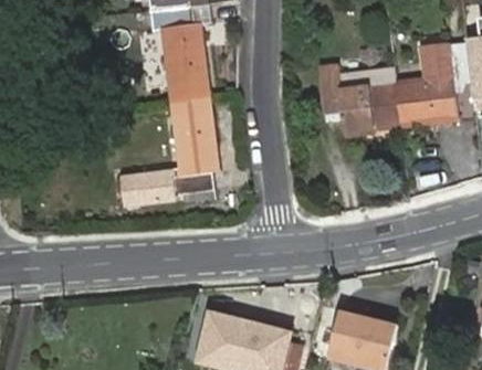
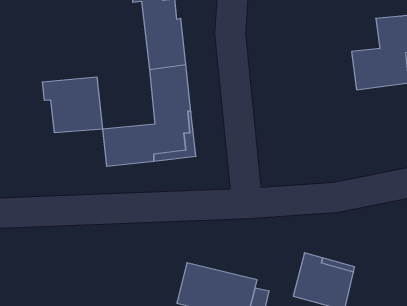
building: [315,66,399,133] -> none
building: none -> [42,77,102,133]

